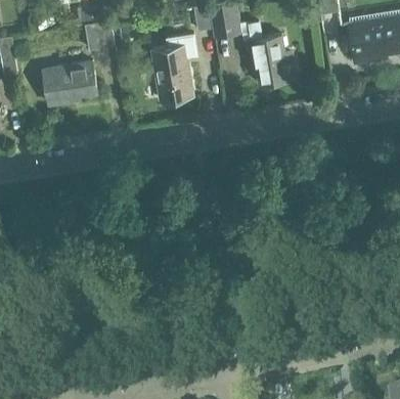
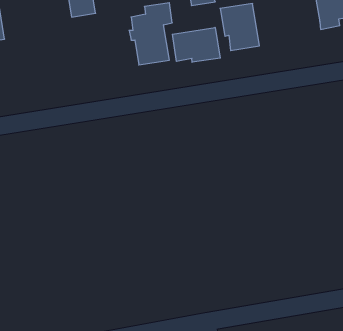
building: none -> [172,27,220,62]
building: [43,56,97,99] -> none

